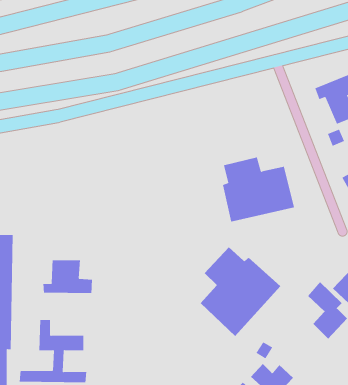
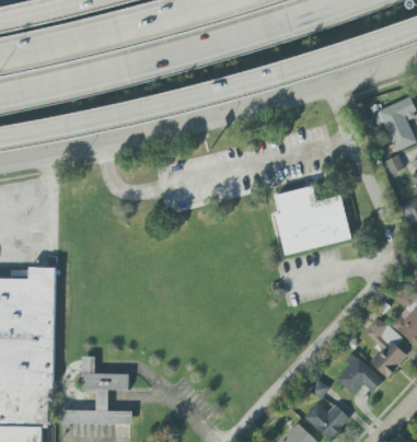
building: [200,246,281,337] -> none
building: [43,259,93,294] -> none
building: none -> [334,354,383,395]

